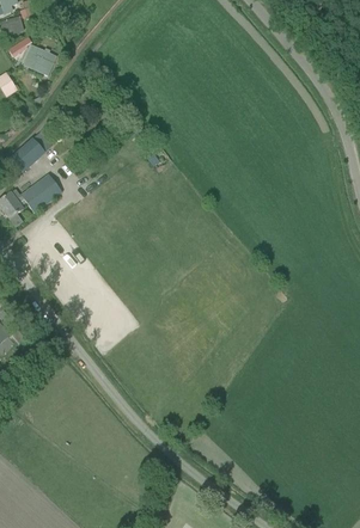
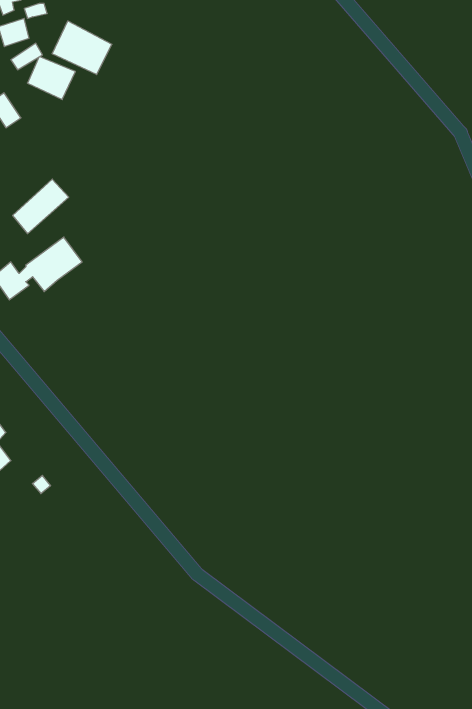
building: none -> [52,21,112,75]

